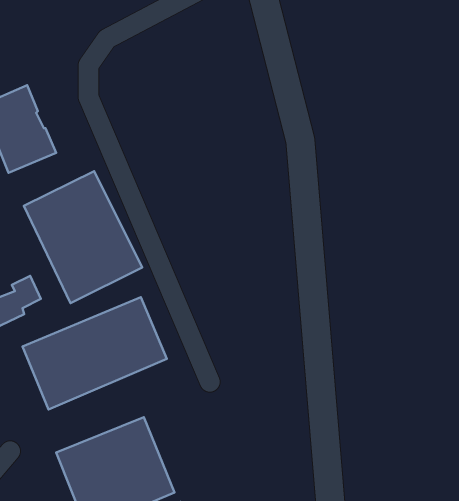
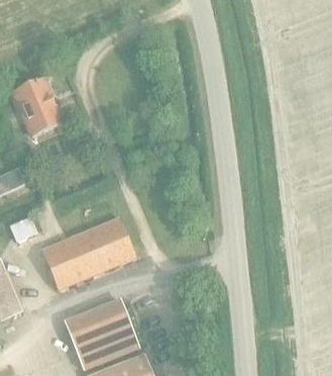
building: [24,171,142,303] -> none

